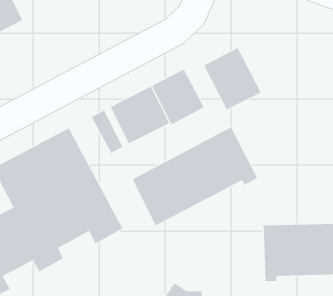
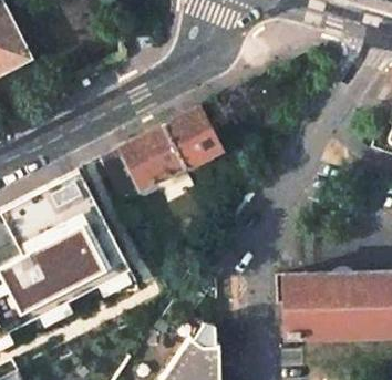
building: [203,47,261,111] -> none
building: [132,127,258,226] -> none

